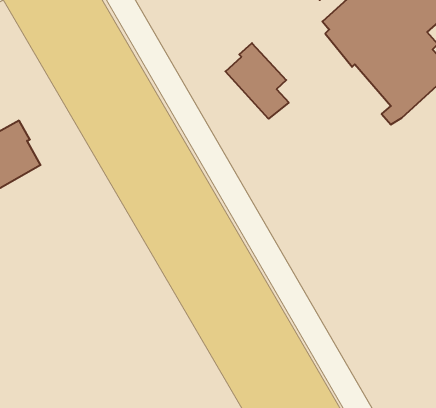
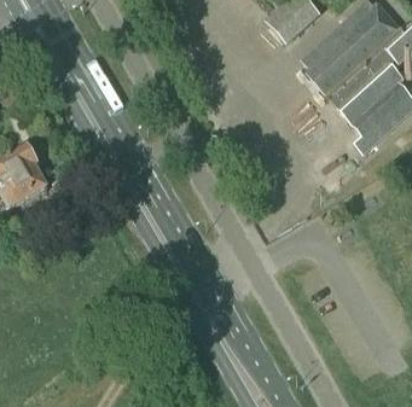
building: [225,43,289,119] -> none

